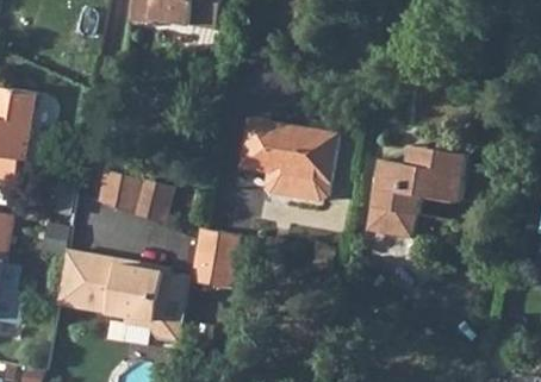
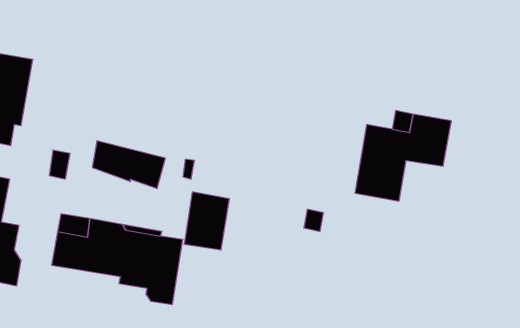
building: [240,119,336,201] -> none

